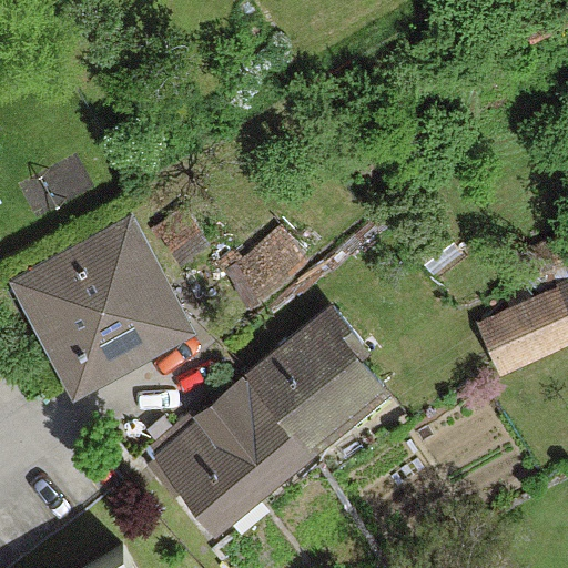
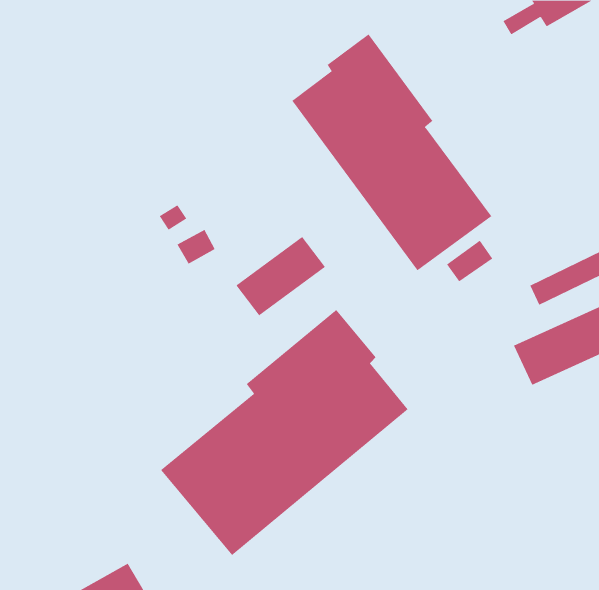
building: none -> [292,34,492,271]
building: [12,232,191,398] -> none

